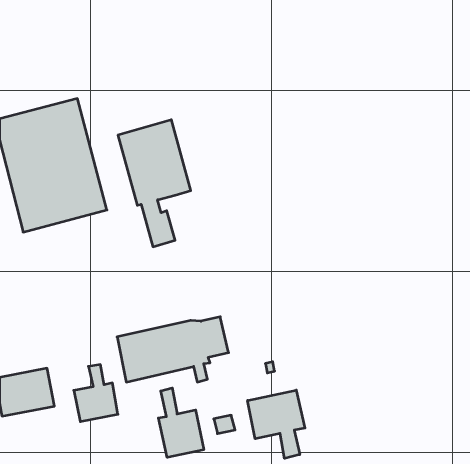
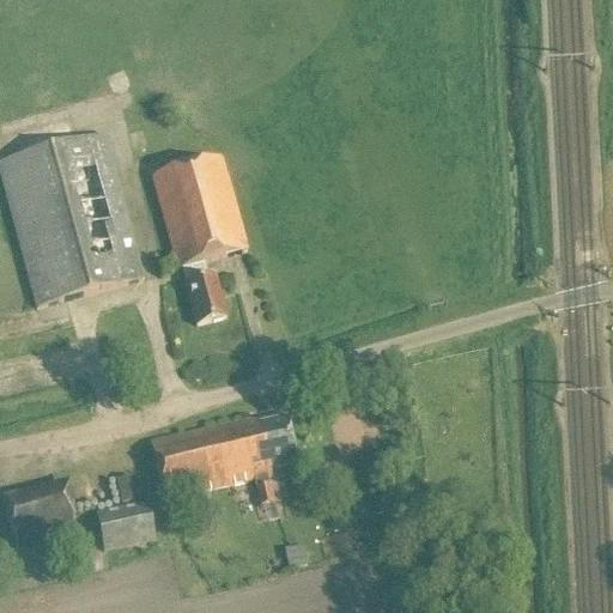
building: [158,388,204,457] -> none
building: [248,390,305,458] -> none

